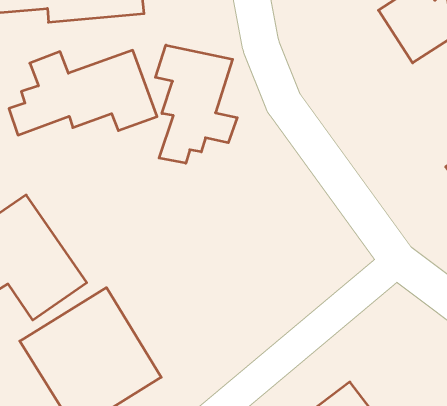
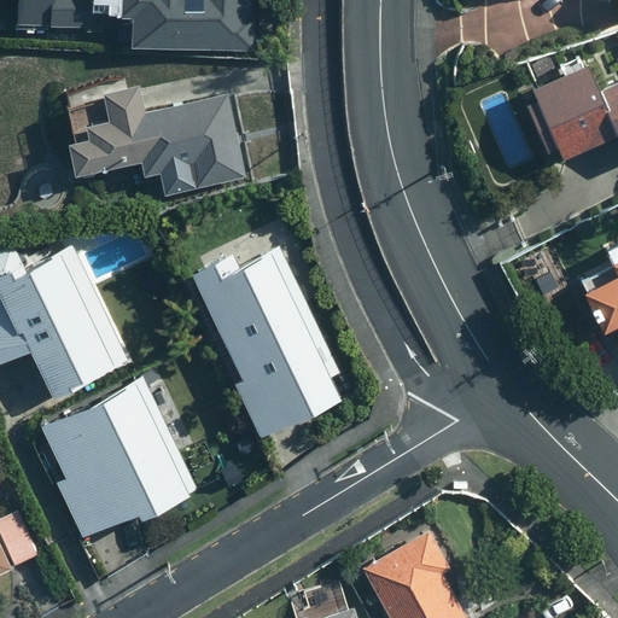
building: [155,45,237,163] -> none
building: none -> [190,244,352,436]

